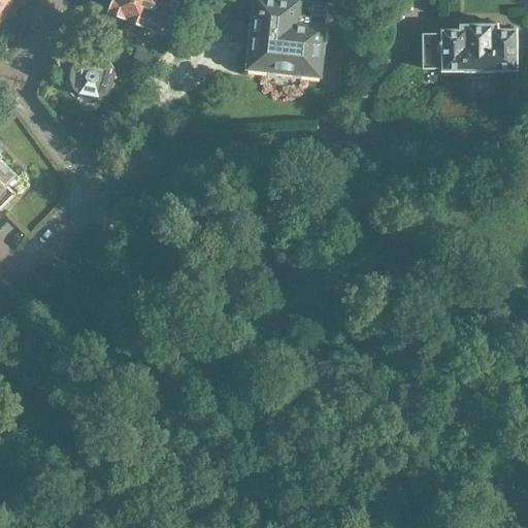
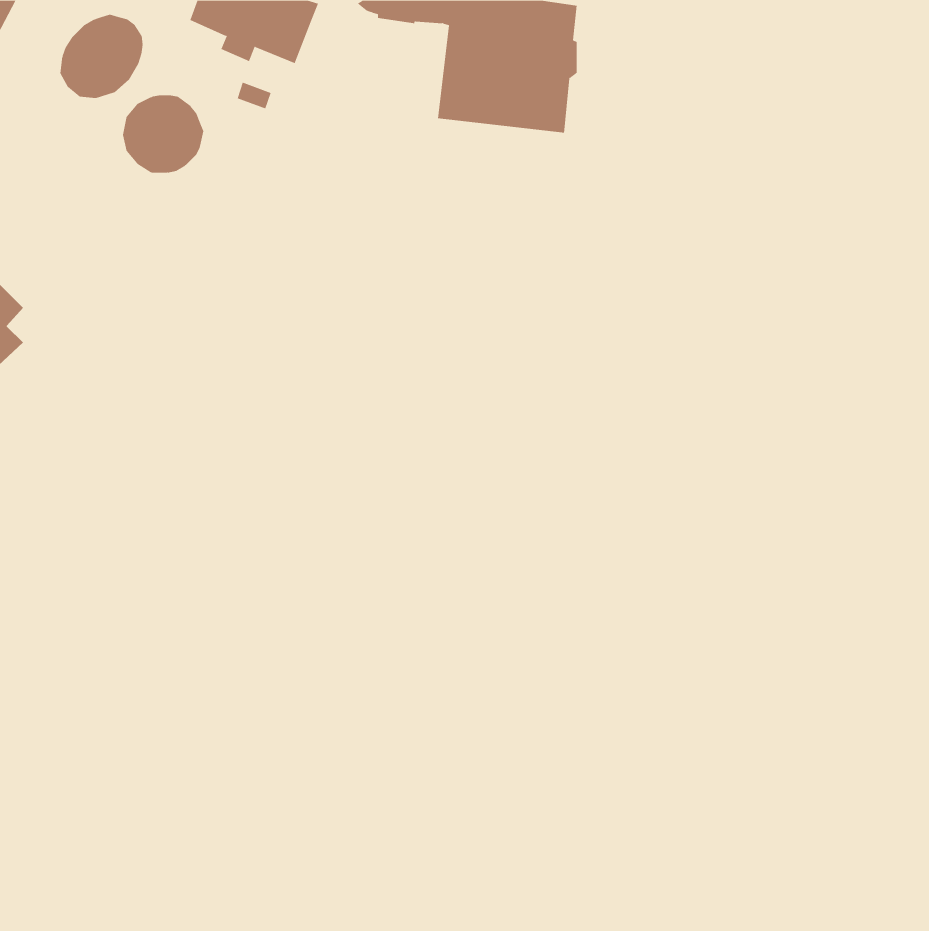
building: none -> [60,14,143,99]
building: [422,24,517,75] -> none

